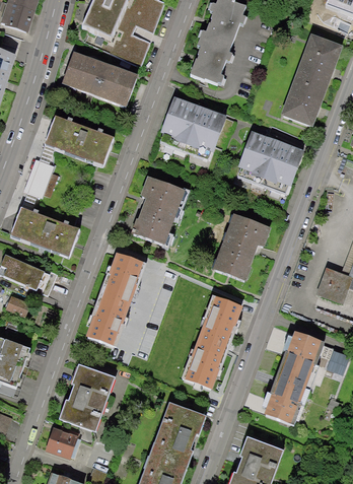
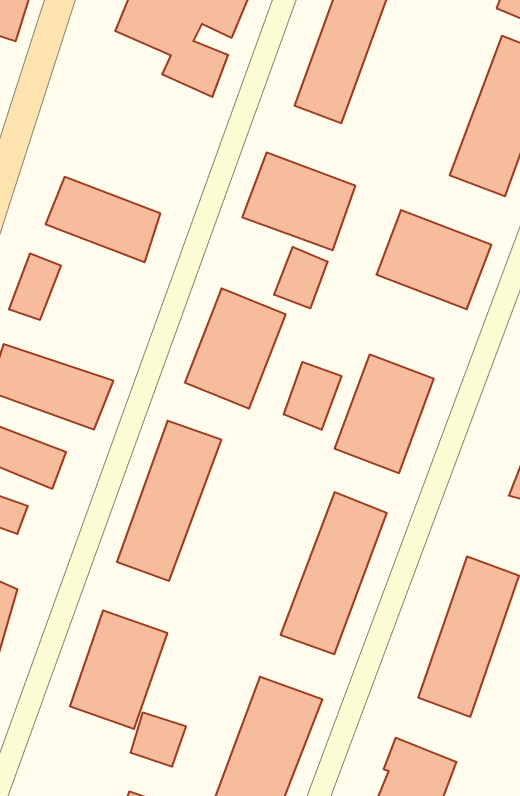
building: [61,47,137,103] -> none
building: none -> [274,247,328,308]
building: none -> [284,362,342,430]
building: [46,426,78,458] -> [130,713,186,767]

